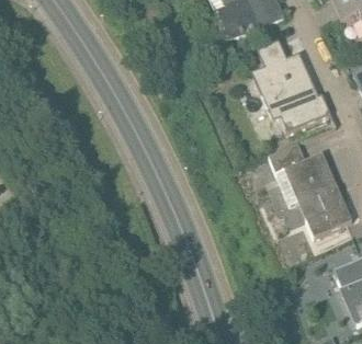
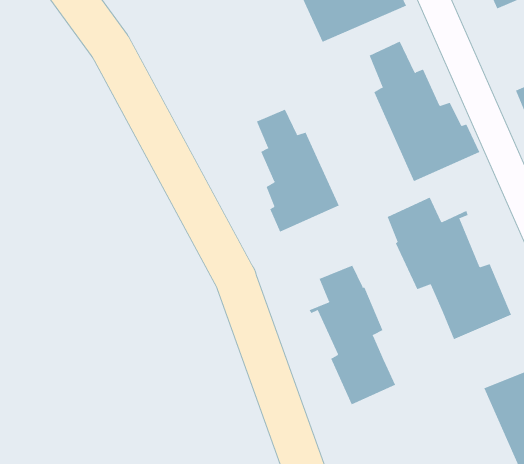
building: none -> [256,109,339,232]
building: none -> [309,265,396,405]

